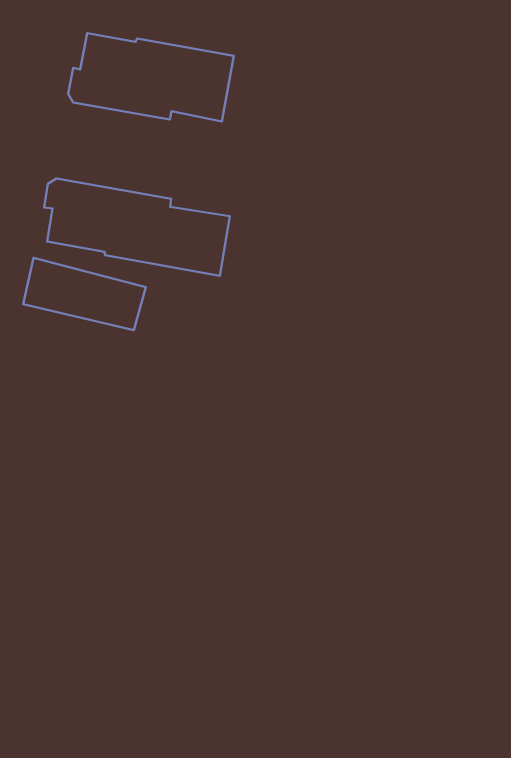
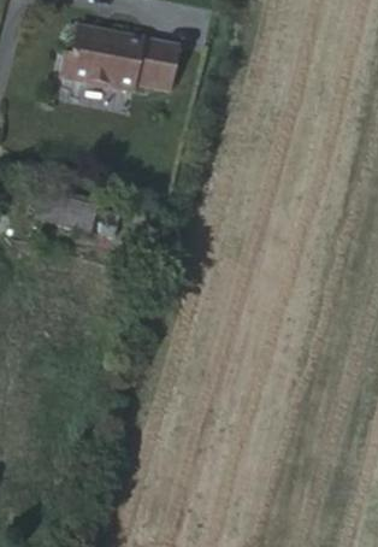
building: [44,178,230,276] -> none

